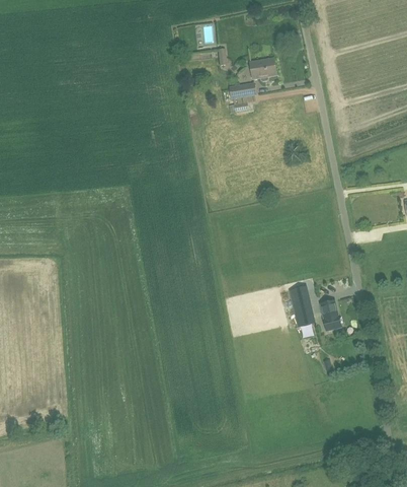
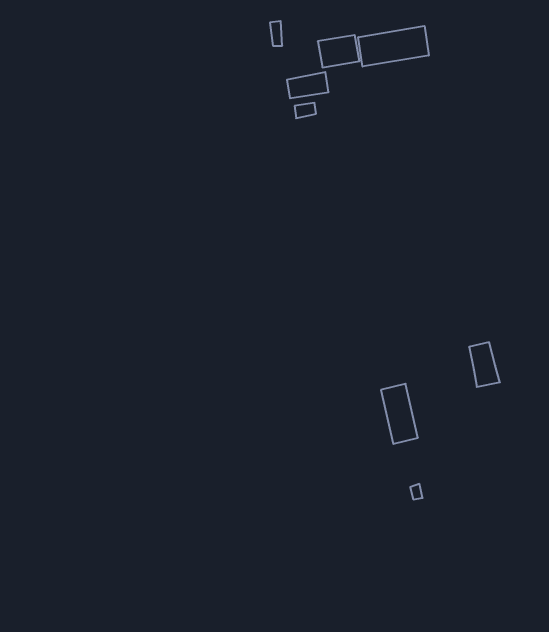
building: none -> [358,26,429,67]
building: [320,300,340,330] -> [469,342,500,387]

